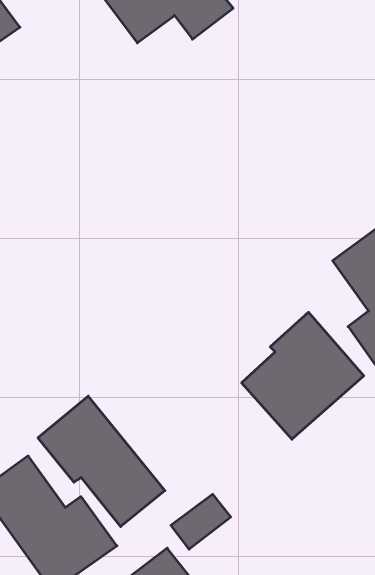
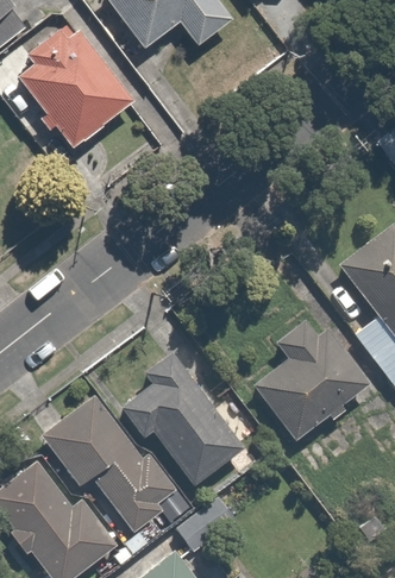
building: none -> [13,21,138,151]
building: none -> [119,354,245,486]

